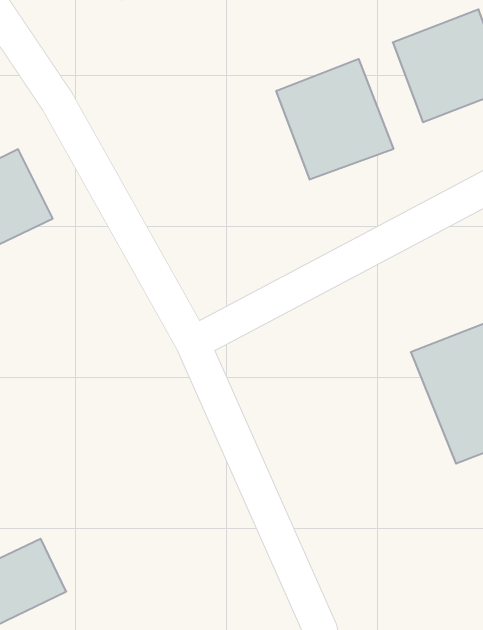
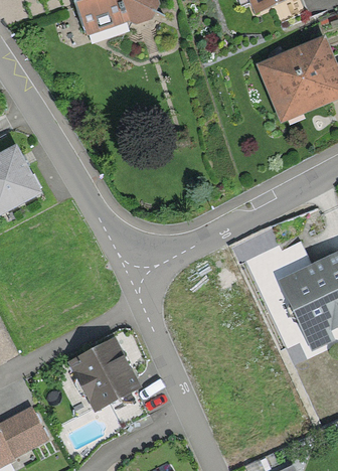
building: [276,59,393,180] -> none
building: none -> [67,338,139,411]

